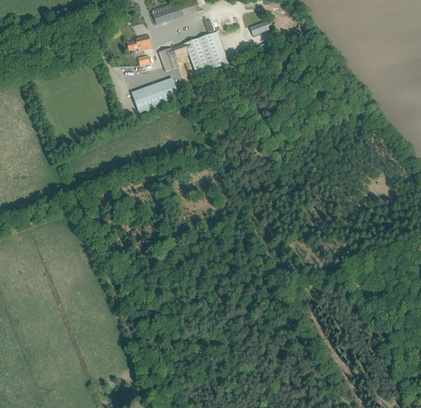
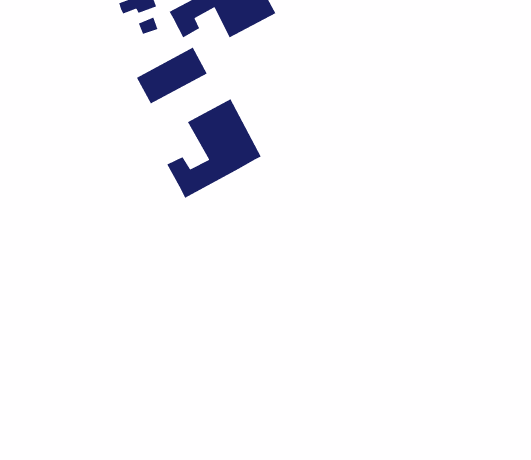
building: none -> [166,98,262,199]

